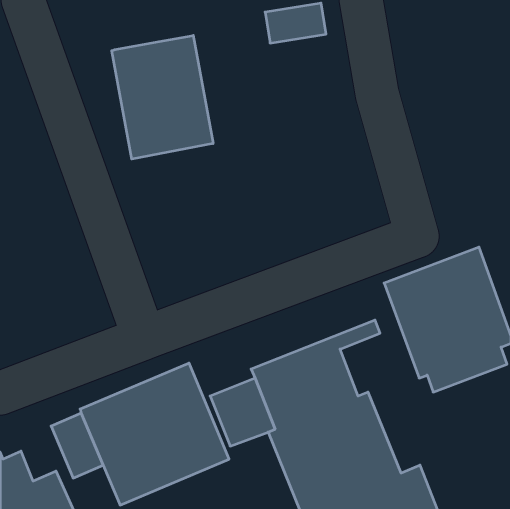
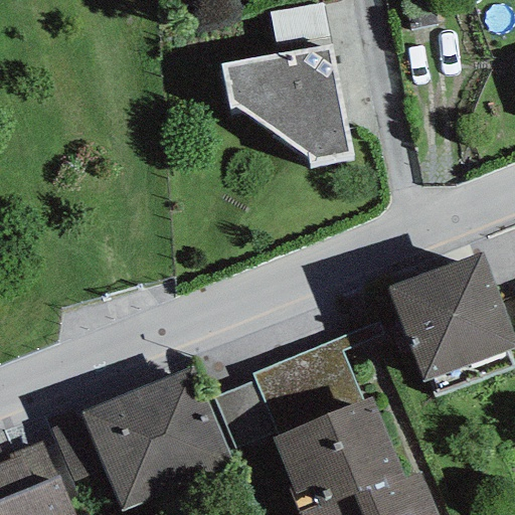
building: [112,35,213,159] -> none
building: none -> [219,45,353,163]

